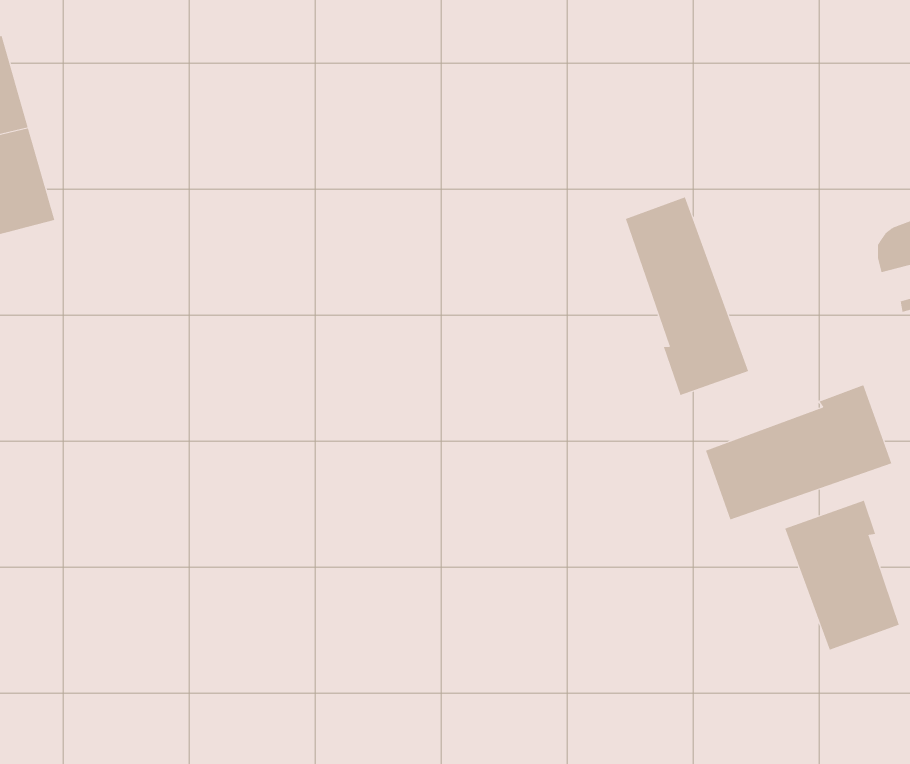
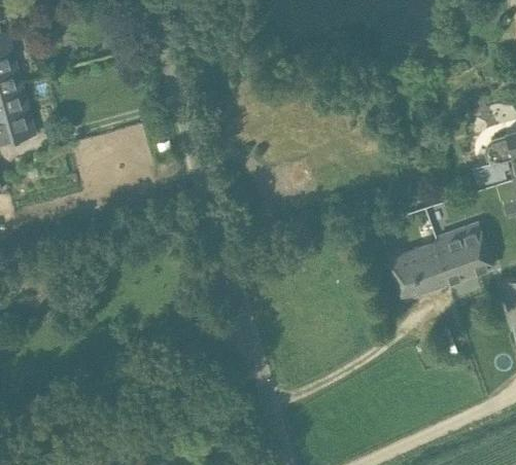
building: [625,197,749,396] -> none
building: [784,500,899,651] -> none

